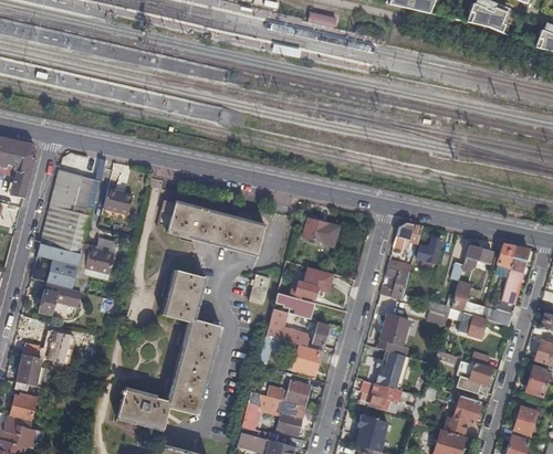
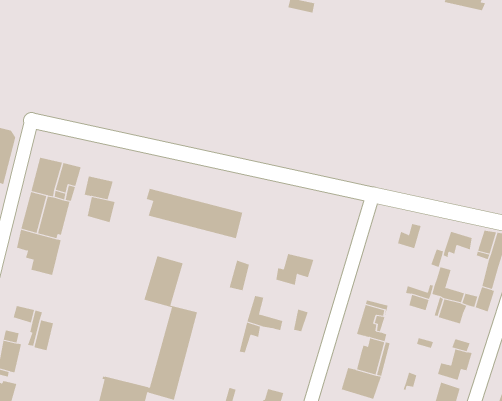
building: [303,219,338,246] -> none
building: [395,223,422,246] -> none
building: [86,247,115,274] -> [87,196,116,223]
building: [387,258,411,299] -> none
building: [40,283,82,314] -> none
building: [276,293,312,318] -> none
building: [291,342,321,374] -> none
building: [268,380,311,405] -> none

